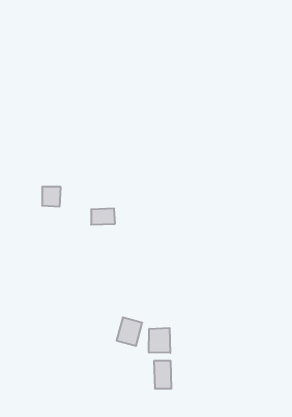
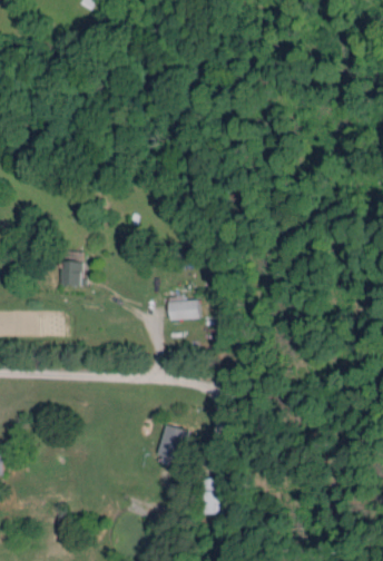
building: [91,209,115,225] -> [168,301,198,321]
building: [149,328,170,353] -> none

